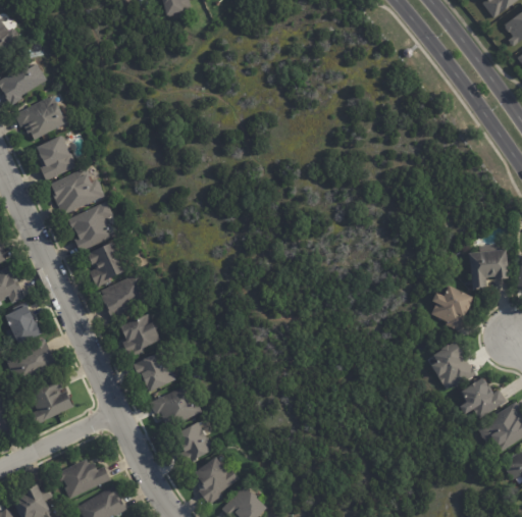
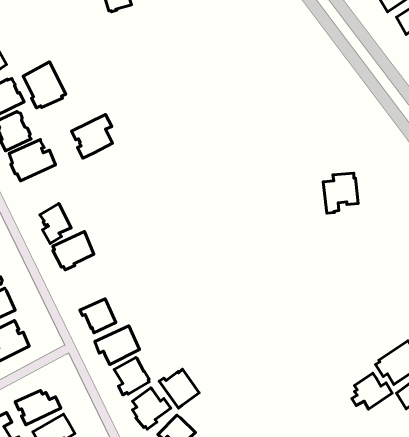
building: none -> [23,62,66,108]
building: [66,200,114,251] -> [72,114,113,158]
building: [467,243,508,290] -> [323,173,358,213]
building: [430,286,472,330] -> none
building: [119,313,160,356] -> none
building: [430,341,475,389] -> none
building: [459,376,506,418] -> [352,373,392,409]
building: none -> [159,369,199,408]

